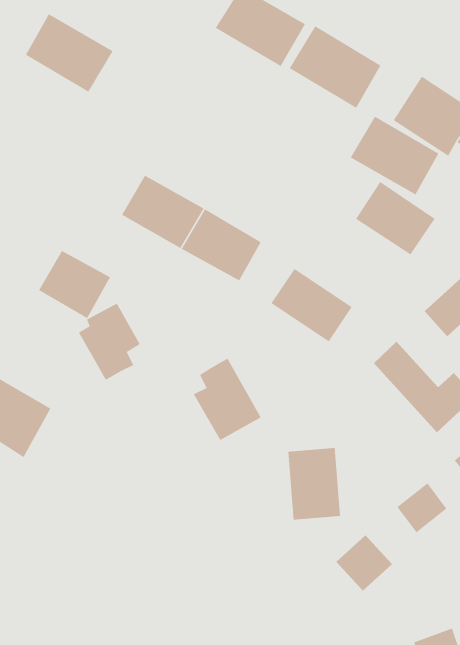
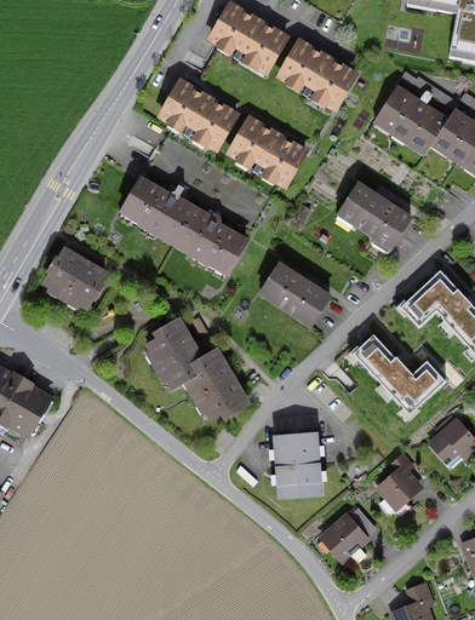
building: [25,13,114,93] -> [158,78,240,151]
building: [350,116,439,195] -> [225,115,309,189]
building: [78,303,141,381] -> [144,316,202,389]

